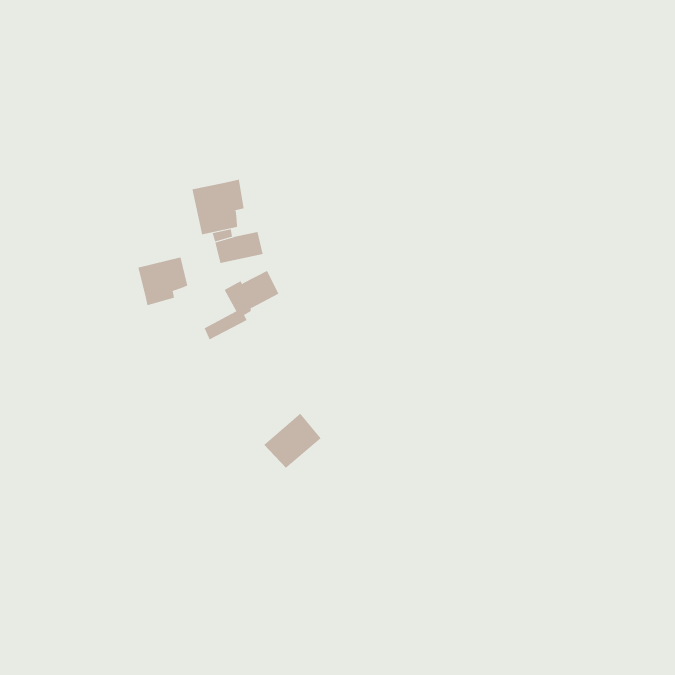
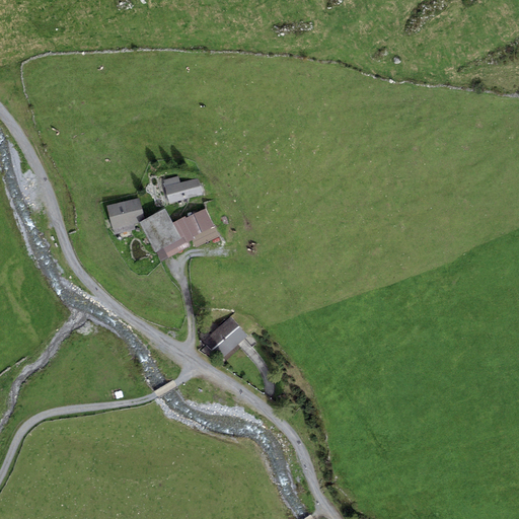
building: [192,179,244,235] -> none
building: none -> [139,208,180,251]

